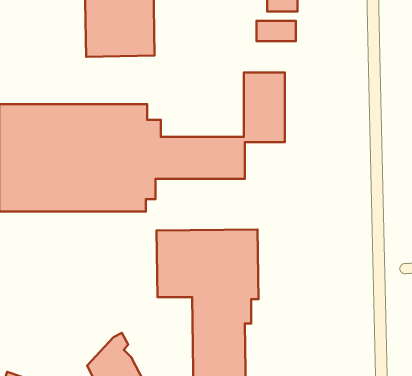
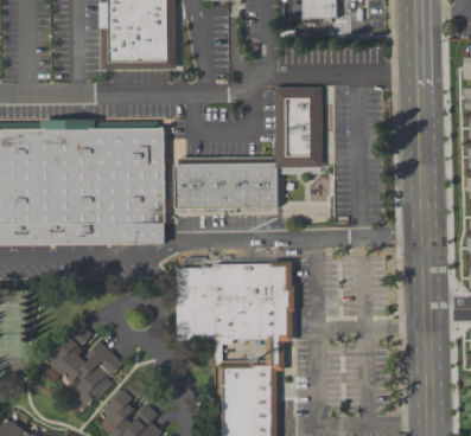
building: [257,21,296,41] -> none
building: none -> [43,325,126,410]

